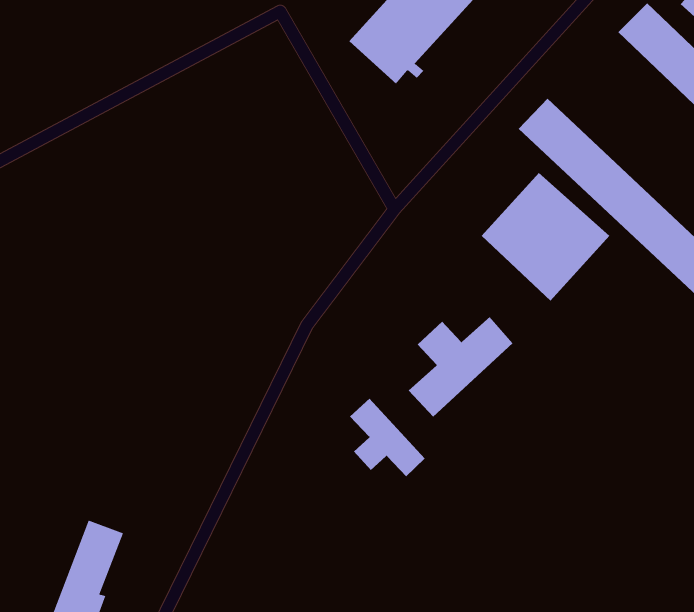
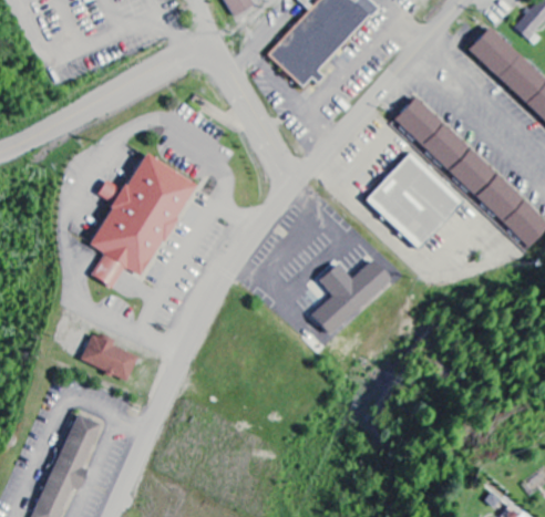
building: none -> [90,153,197,289]
building: [349,398,426,477] -> none
building: none -> [81,334,140,382]

